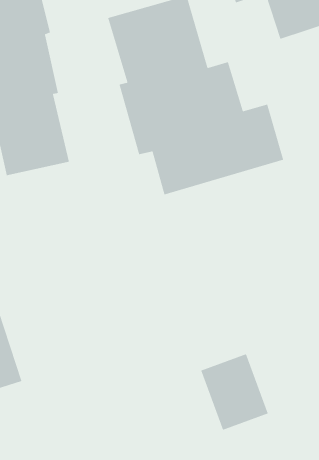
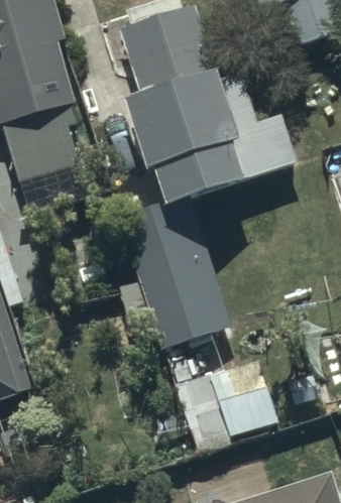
building: none -> [127,214,230,347]

